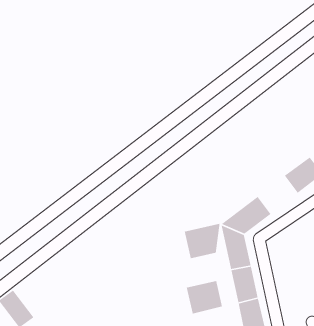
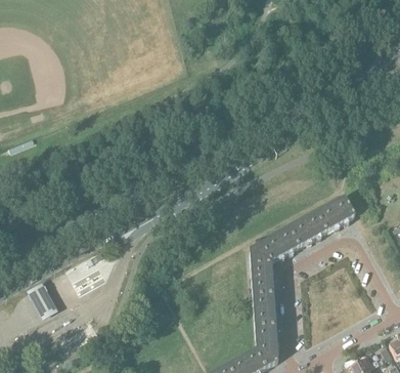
building: none -> [290,211,327,246]
building: [184,223,221,259] -> none
building: [186,280,223,315] -> none

